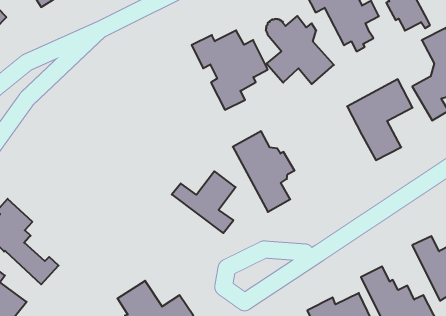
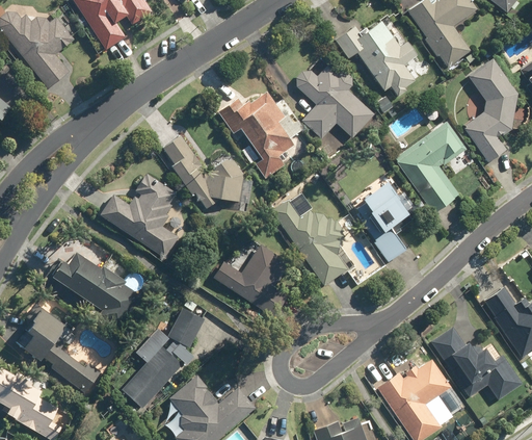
building: none -> [162,135,247,210]
building: none -> [99,174,178,258]
building: none -> [362,179,410,262]
building: none -> [58,254,140,330]
building: none -> [121,309,204,409]

